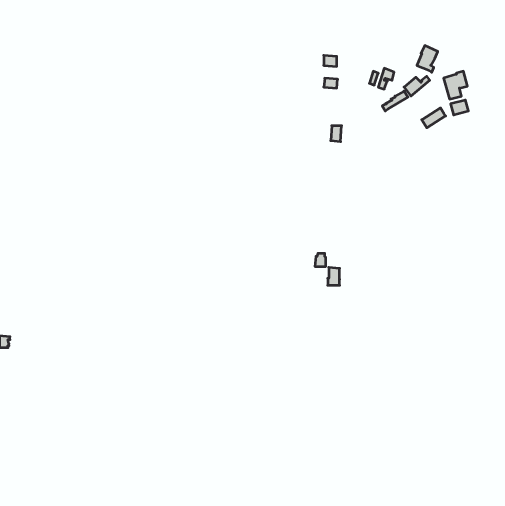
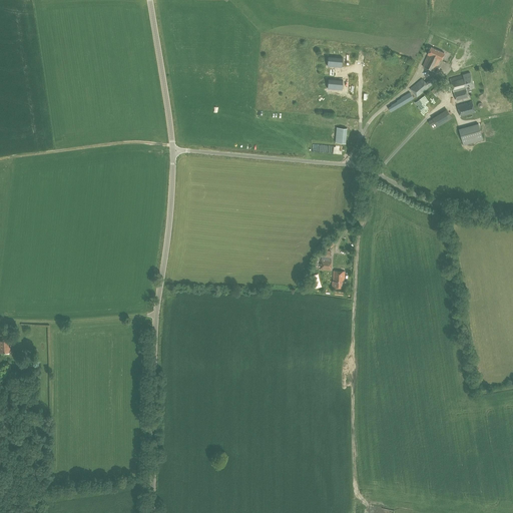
building: none -> [458,123,482,145]

